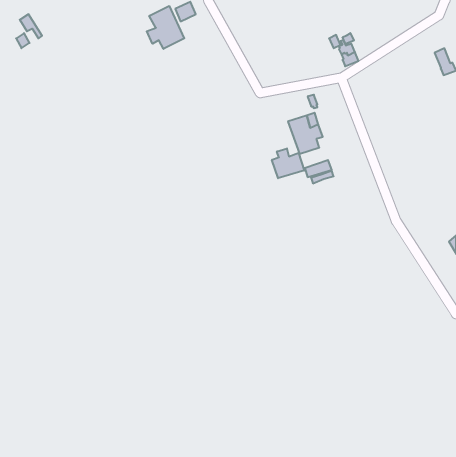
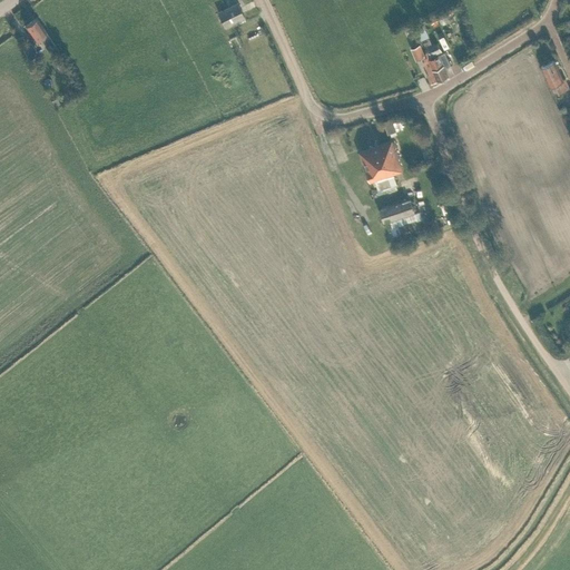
building: [147,6,184,49] -> none
building: [272,148,304,178] -> none

